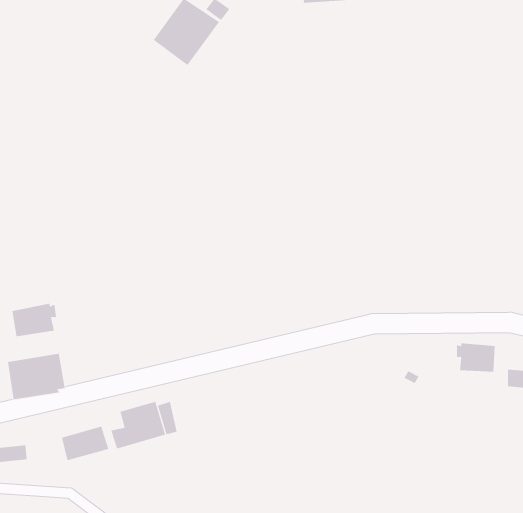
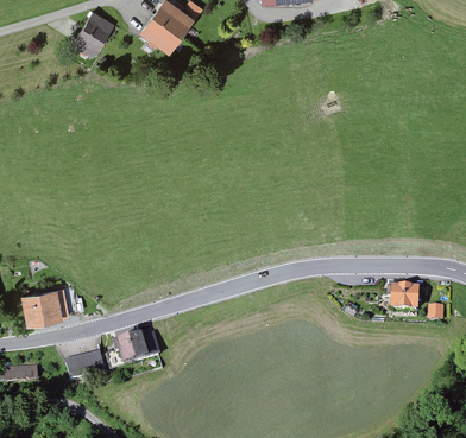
building: none -> [73,12,114,58]
building: [12,303,56,337] -> none

